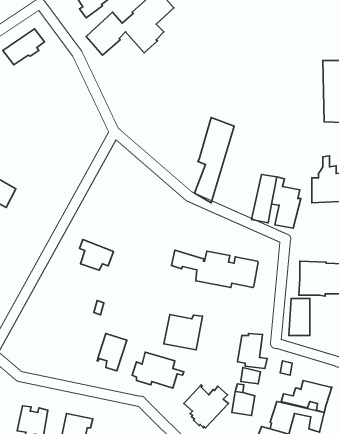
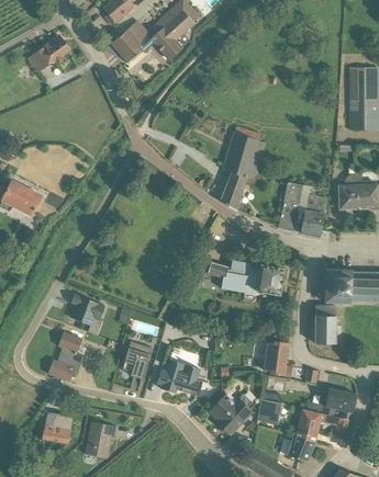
building: [80,240,113,270] -> [70,294,104,325]
building: [164,315,202,350] -> none
building: none -> [48,331,83,381]

